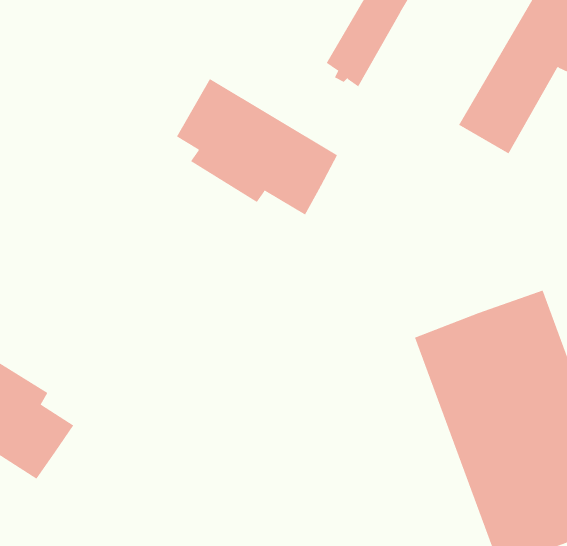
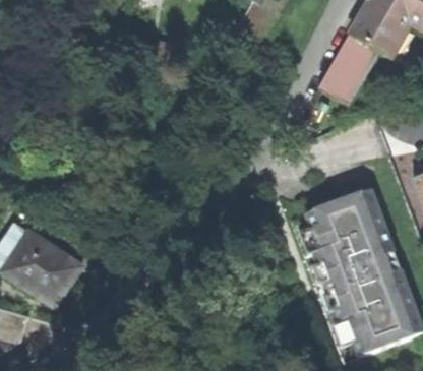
building: [176,78,338,215] -> none

